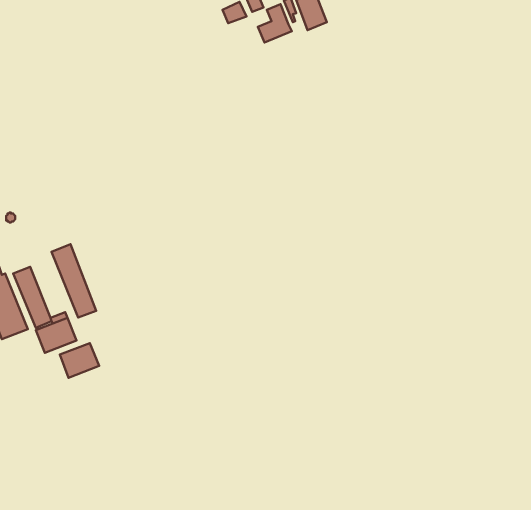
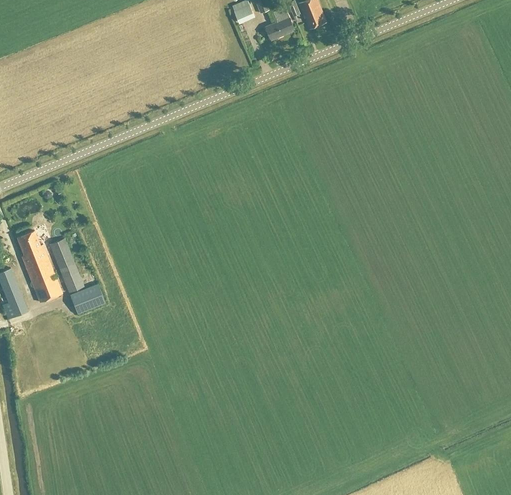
building: [52,244,96,317] -> none
building: [60,343,99,378] -> none

